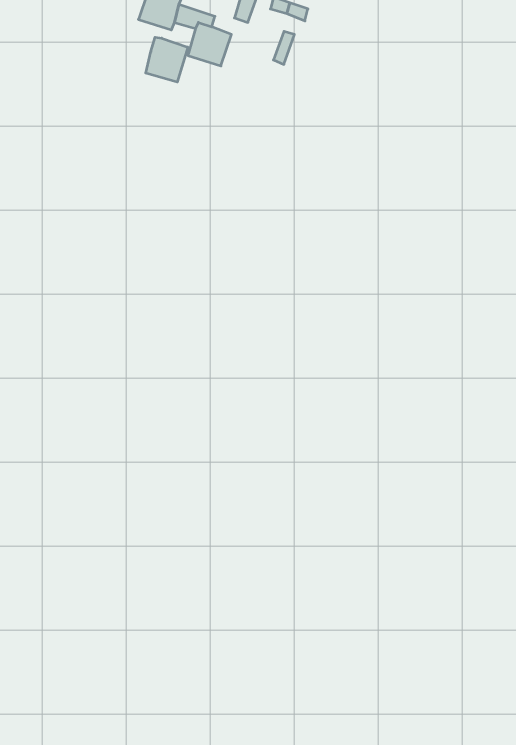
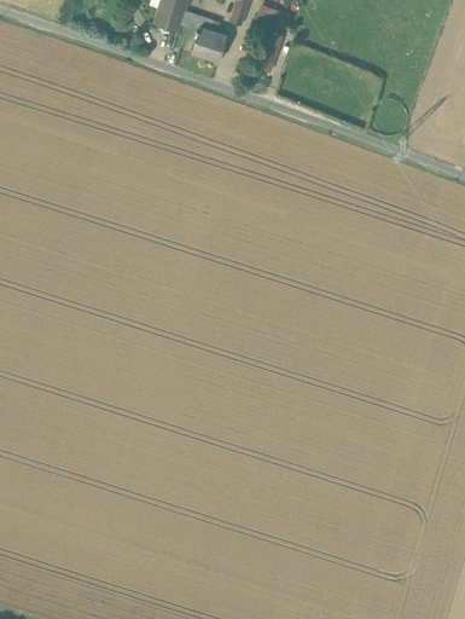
building: [146,37,188,82] -> none

